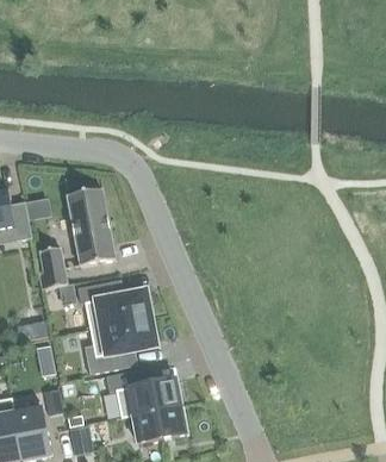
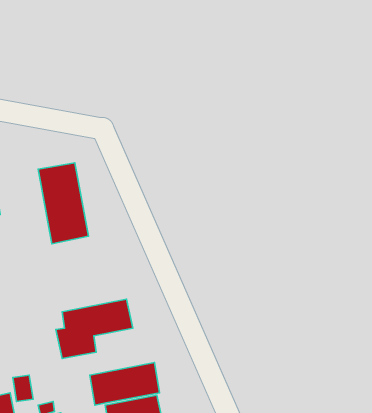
building: [39,246,66,288] -> none
building: [76,279,150,329] -> none

